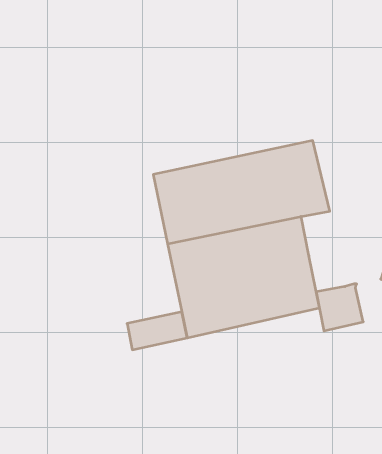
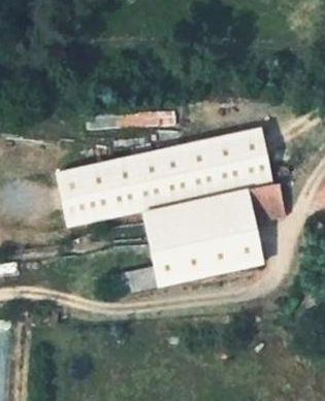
building: none -> [60,157,143,226]
building: [316,284,363,331] -> [249,183,286,221]

